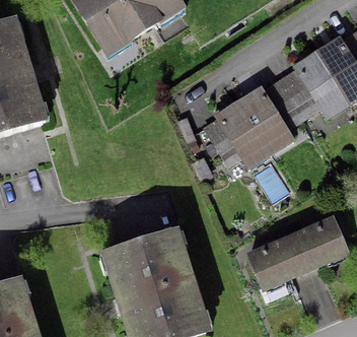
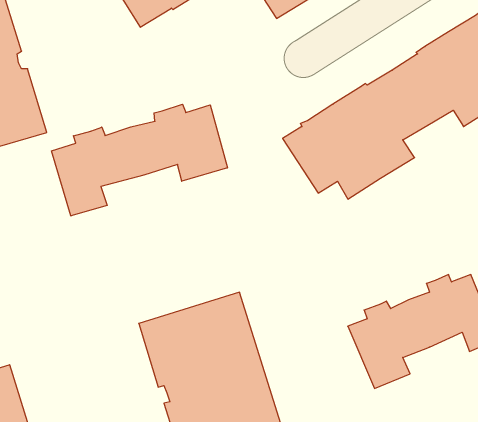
building: none -> [51,104,227,216]

